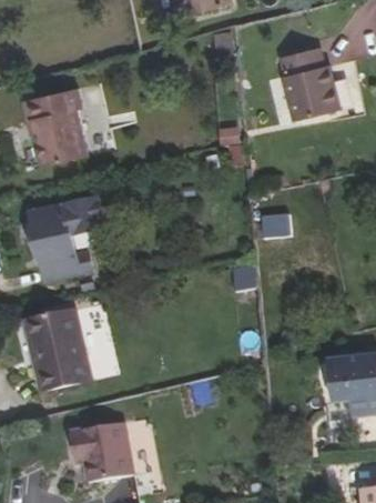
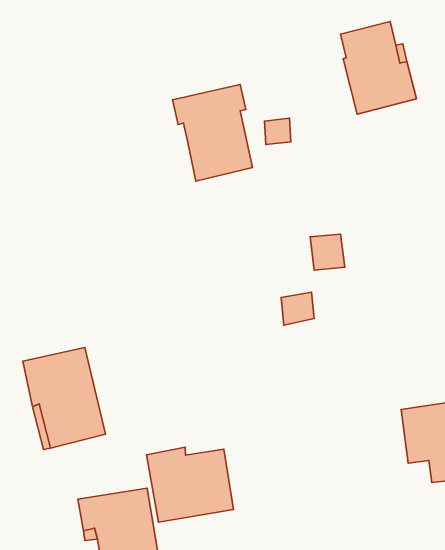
building: [22,89,87,167] -> [172,85,253,181]
building: [30,197,103,281] -> none
building: none -> [146,447,233,522]

